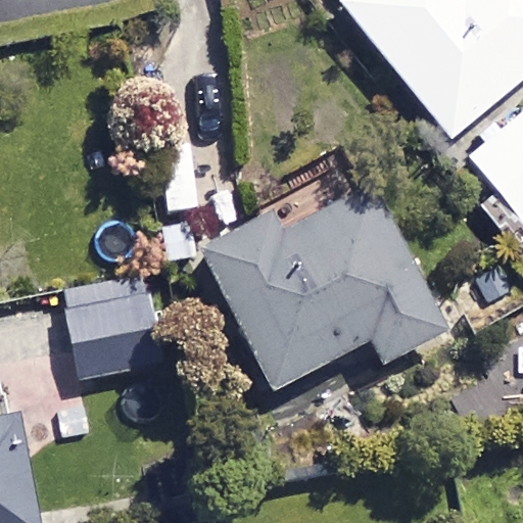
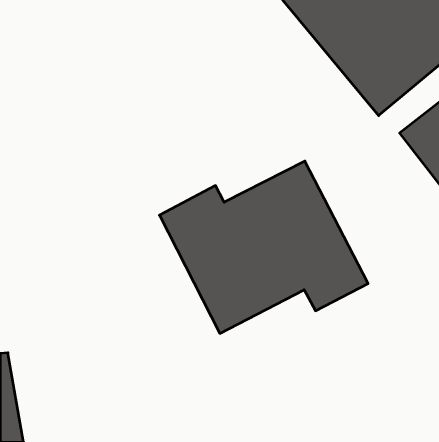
building: [68,293,170,375] -> none

